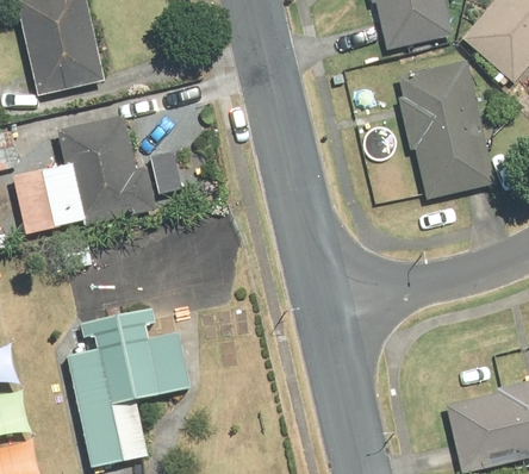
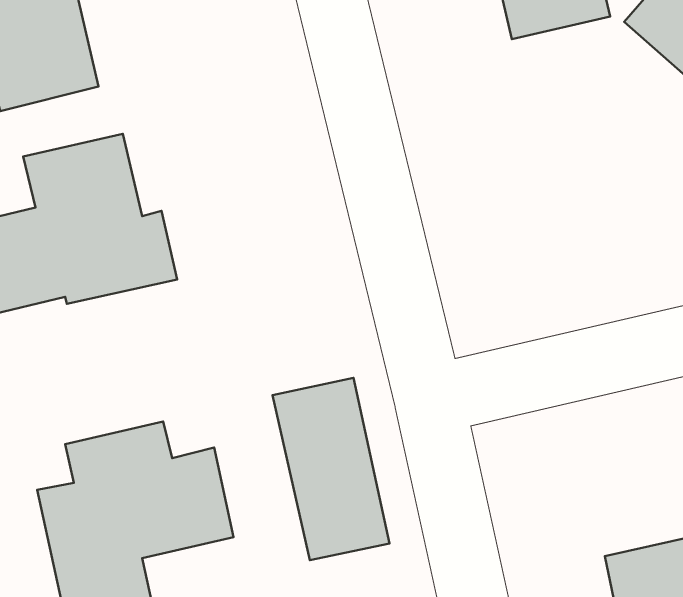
building: [399,63,494,201] -> none
building: none -> [273,378,390,560]

